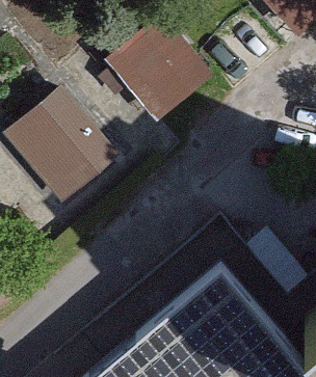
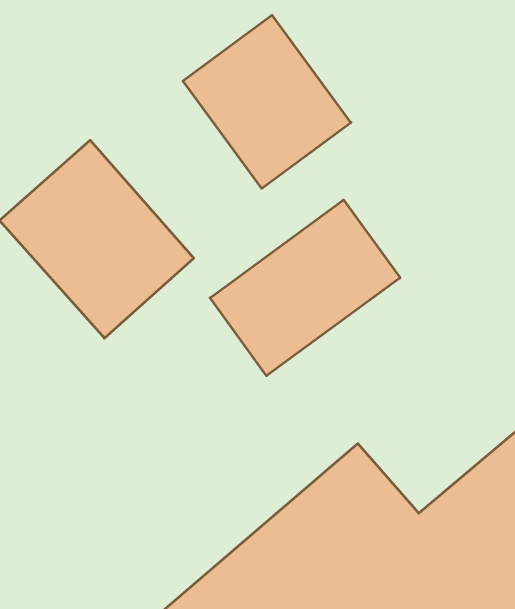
building: none -> [210,200,400,376]

